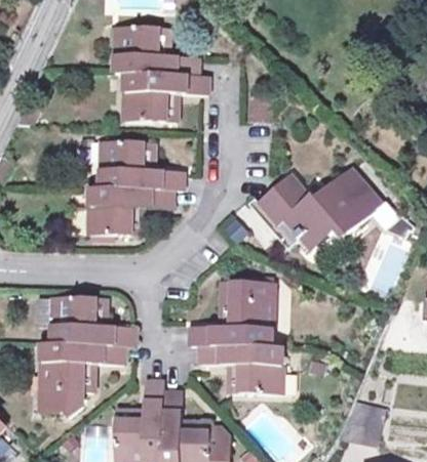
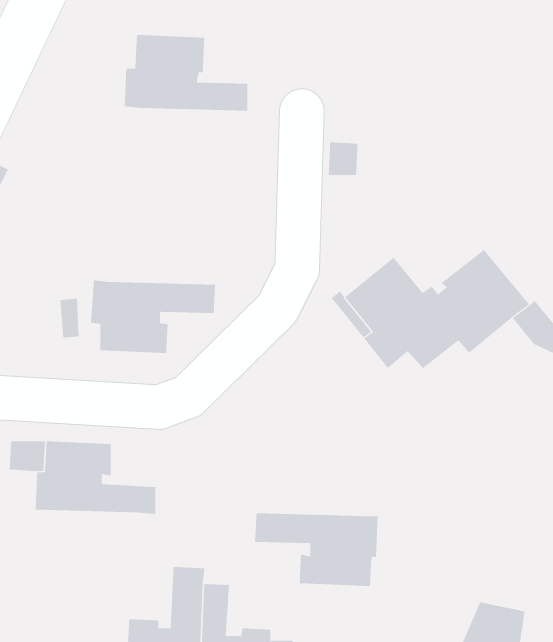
building: [121,73,205,121] -> none
building: [101,140,184,191] -> none
building: [190,279,273,345] -> none
building: [38,341,121,412] -> none

